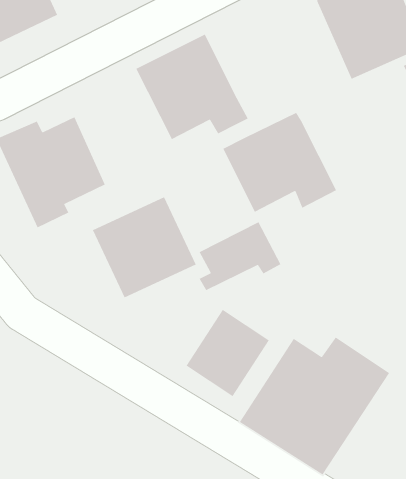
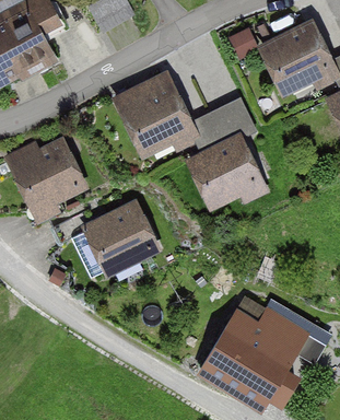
building: [199,221,281,291] -> [194,96,258,151]
building: [185,309,270,397] -> none

